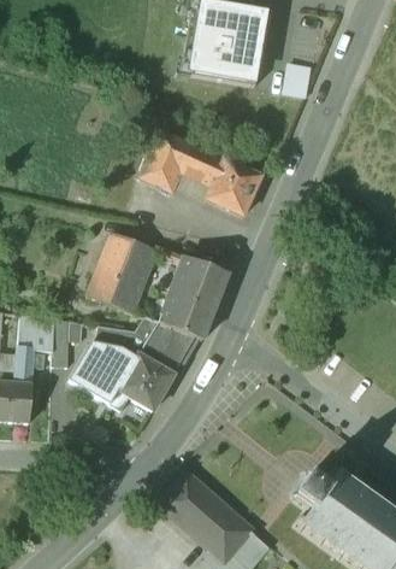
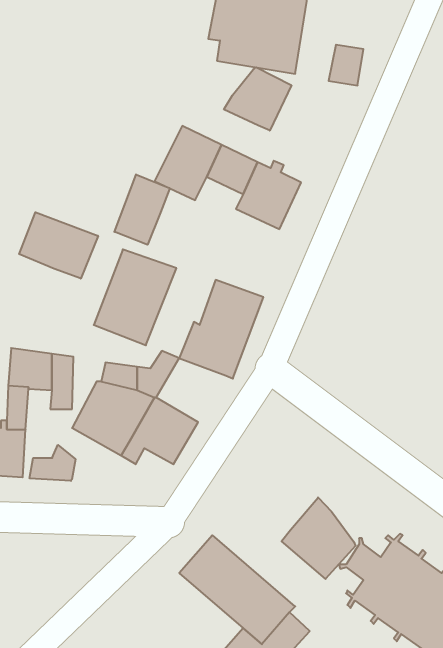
building: none -> [224,67,291,131]
building: none -> [114,174,170,245]
building: none -> [19,212,98,279]
building: [140,323,197,376] -> none
building: none -> [30,445,75,481]
building: none -> [282,497,356,579]

